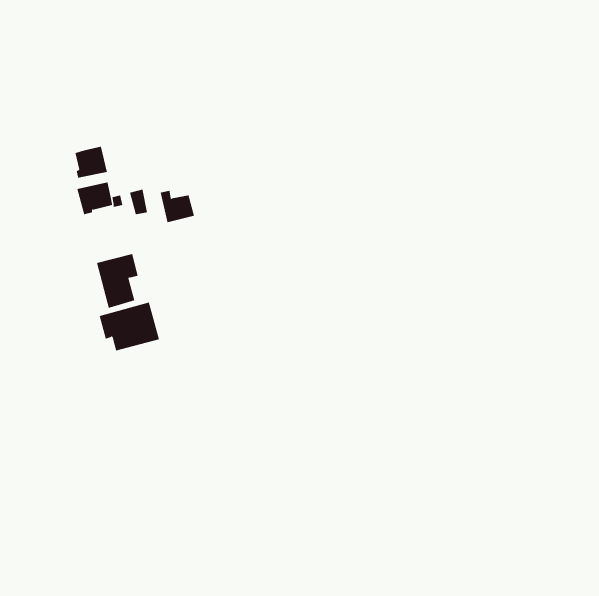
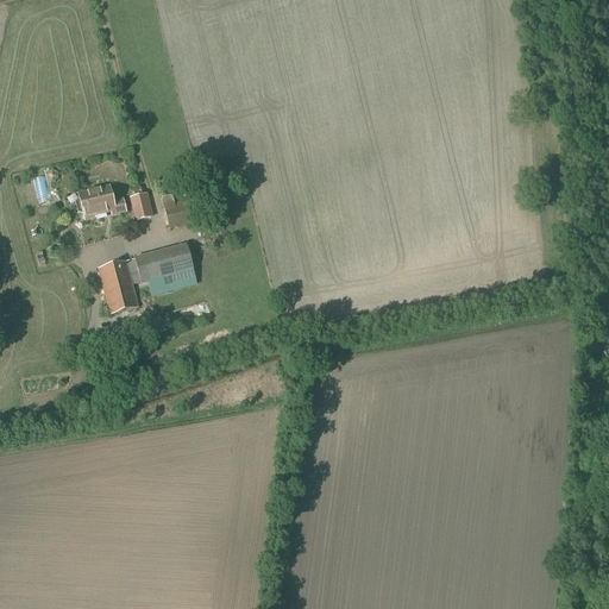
building: [75,146,108,179] -> none
building: [99,302,160,351] -> [134,243,196,293]

